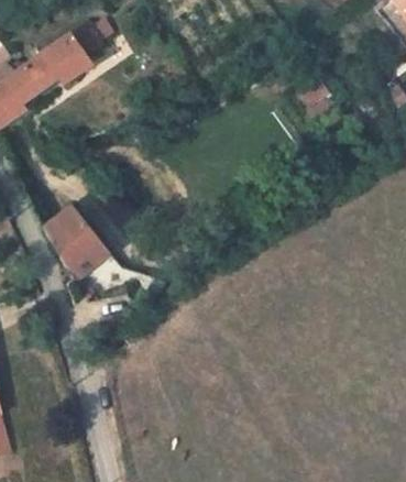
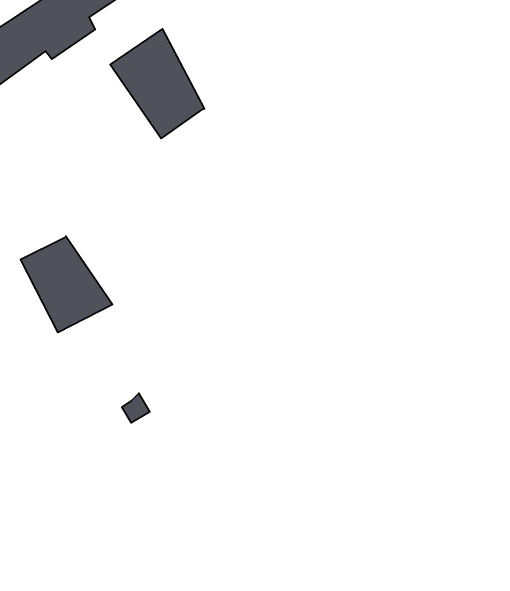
building: none -> [110,29,205,138]

